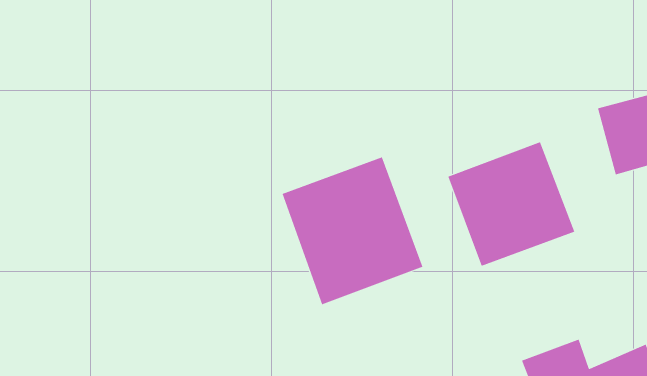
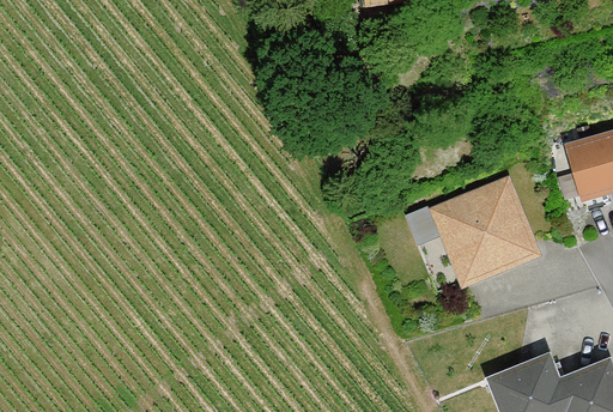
building: [282,157,423,305] -> none

